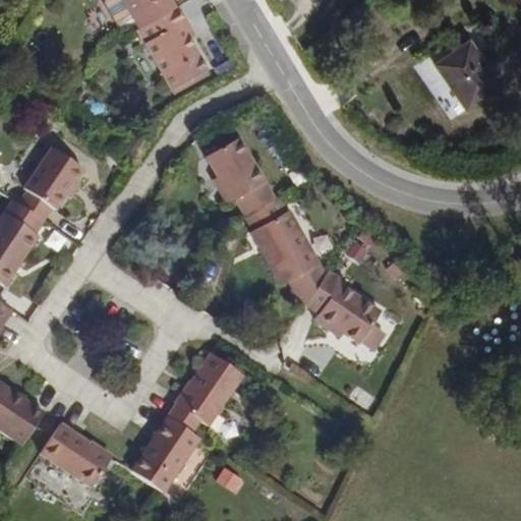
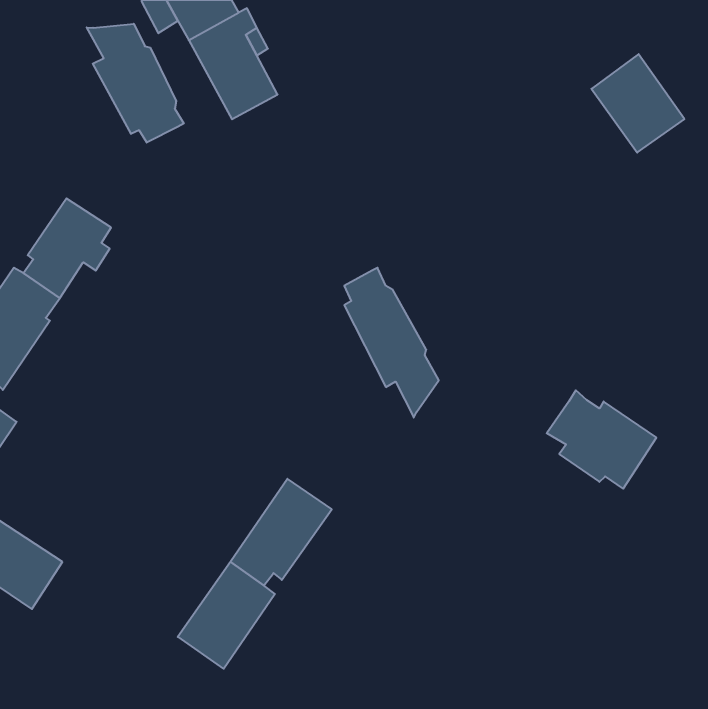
building: none -> [87,24,184,143]
building: [205,136,273,213] -> none
building: [305,271,386,343] -> [547,390,656,489]
building: [40,423,110,488] -> none

